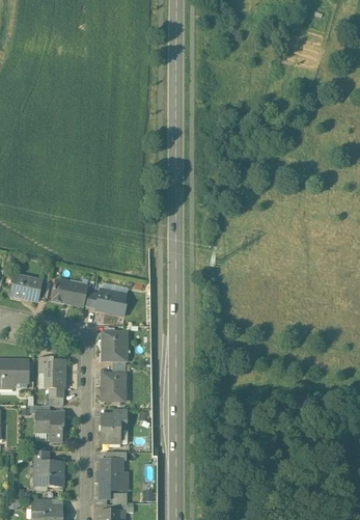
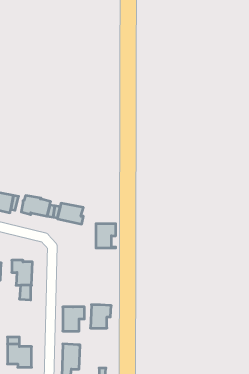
building: [102,331,126,360] -> [96,224,116,248]
building: [101,372,126,400] -> [90,305,111,328]
building: [34,411,63,440] -> none

